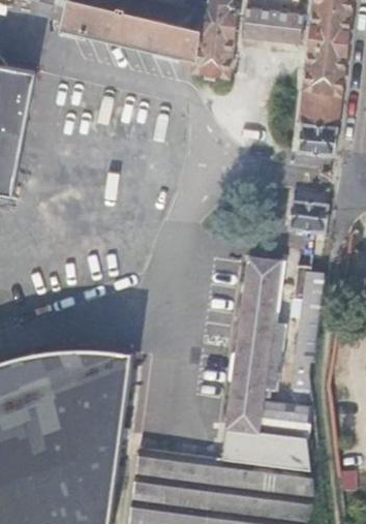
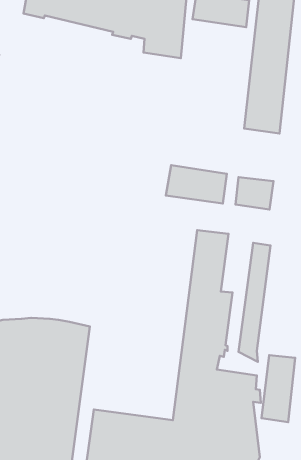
building: none -> [166,165,227,203]
building: none -> [262,355,295,422]

